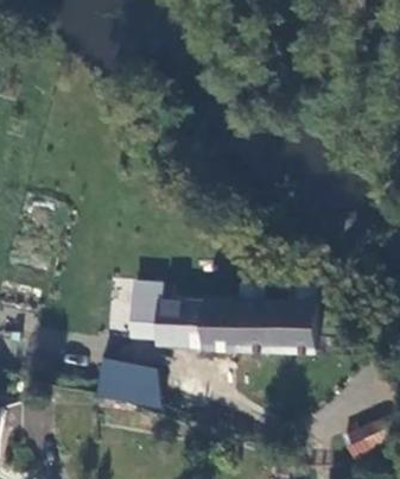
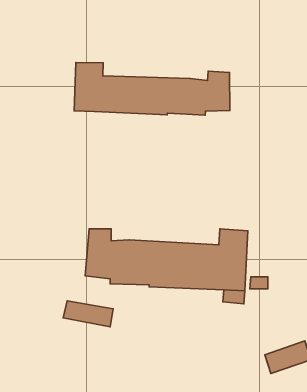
building: none -> [74,63,230,115]

